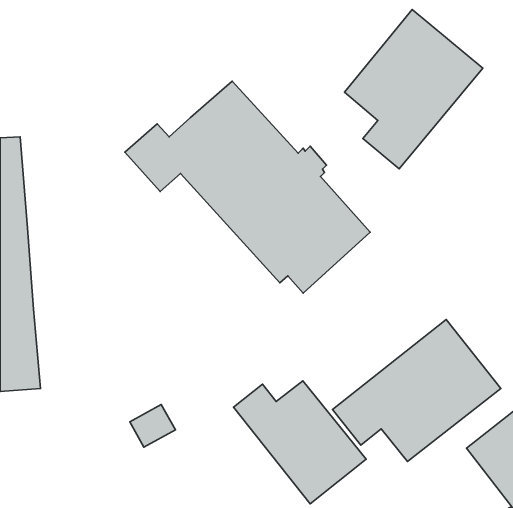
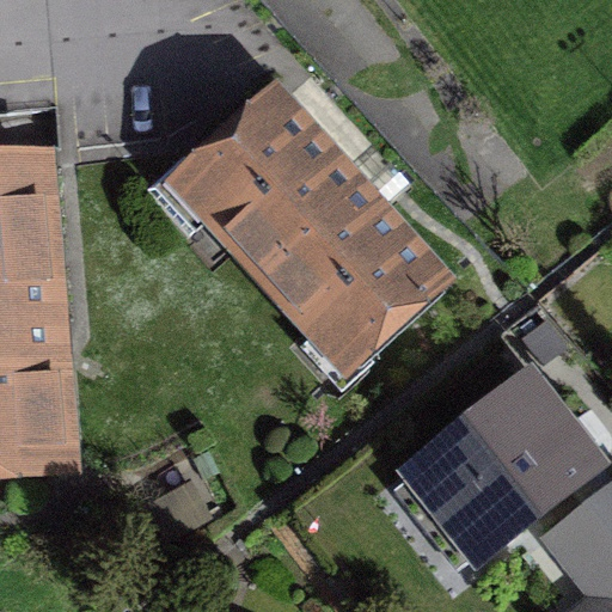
building: [345,9,483,169] -> none
building: [233,381,366,504] -> none

